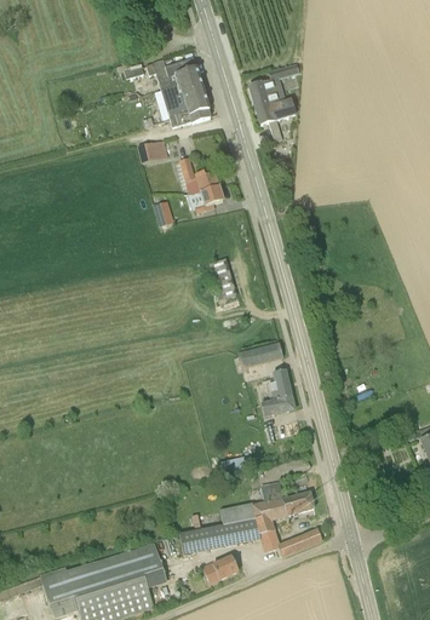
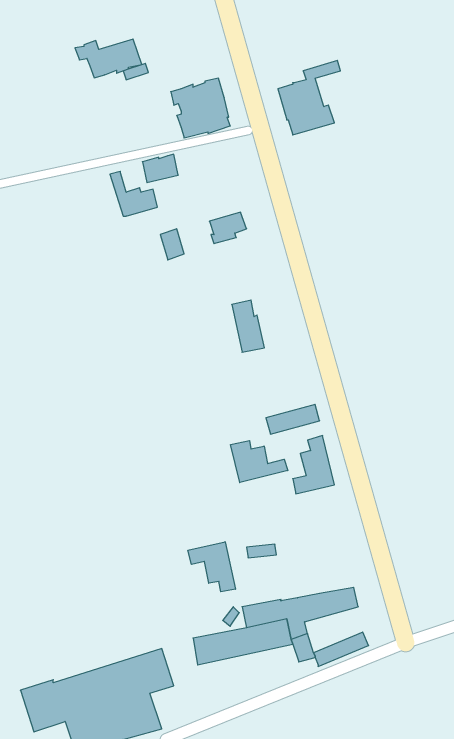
building: [145,57,200,88] -> [75,39,142,78]
building: [179,157,218,194] -> [110,171,157,216]
building: none -> [231,441,288,483]
building: none -> [188,542,235,592]
building: [203,555,239,582] -> none

